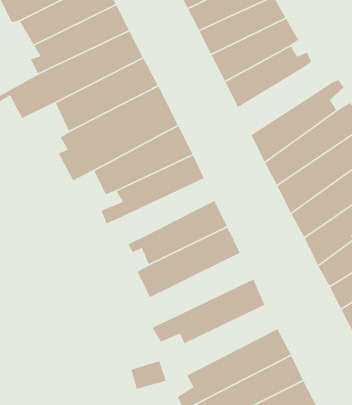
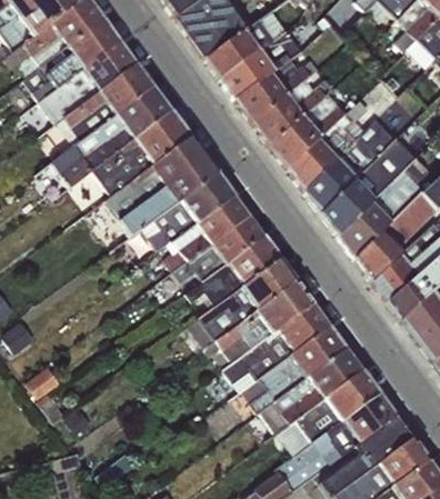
building: none -> [272,93,359,168]
building: none -> [174,217,266,281]
building: none -> [207,282,316,368]
building: none -> [252,328,347,411]

